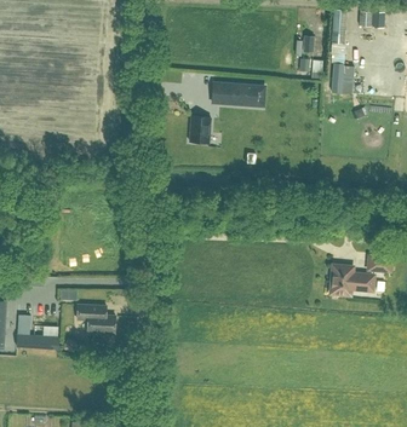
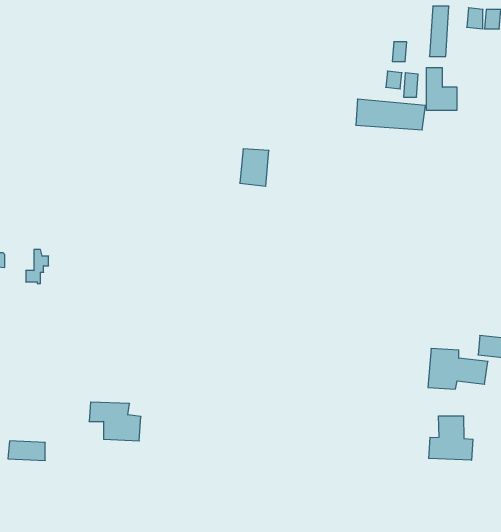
building: [212,82,264,105] -> [356,99,426,130]
building: none -> [429,416,473,460]

